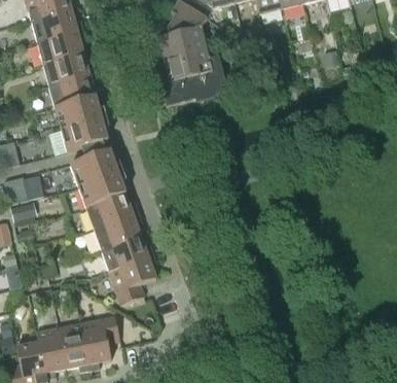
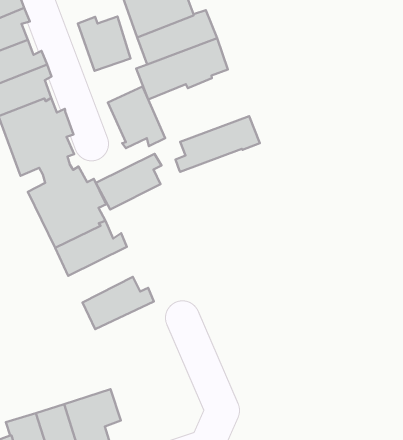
building: none -> [78,17,130,71]
building: none -> [108,86,165,148]
building: none -> [175,116,260,172]
building: [93,212,142,249] -> [96,154,161,209]
building: [108,254,156,304] -> none

